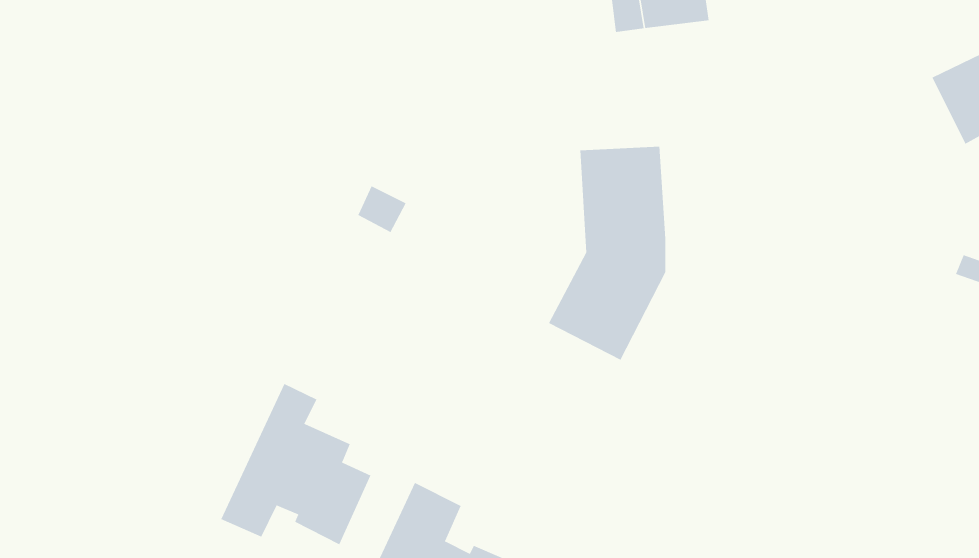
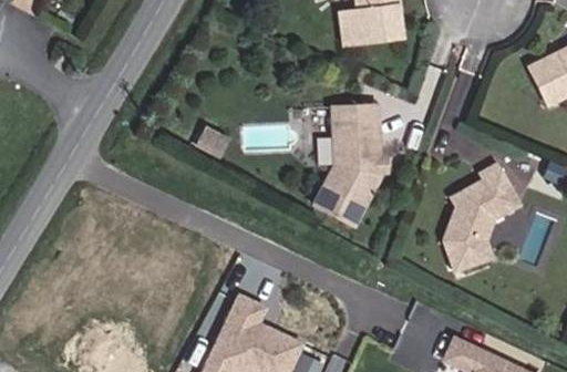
building: none -> [443,163,519,270]
building: [221,383,371,545] -> none

